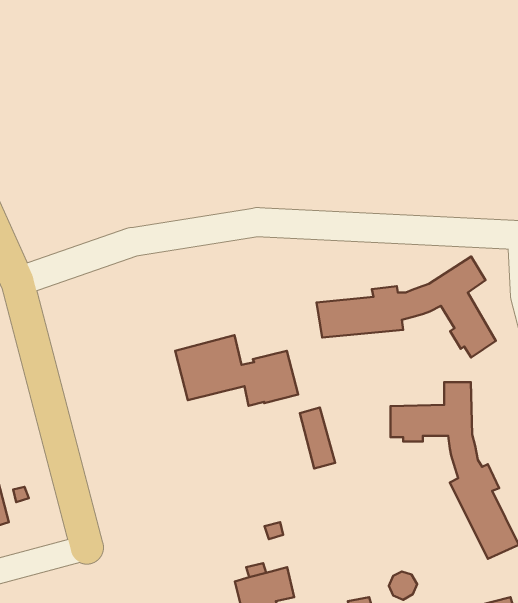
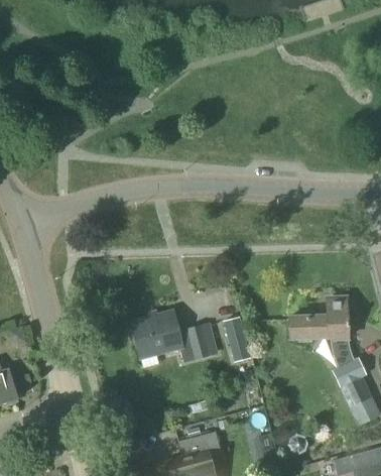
building: [316,257,496,358] -> none
building: [175,335,298,406] -> [130,312,218,362]

